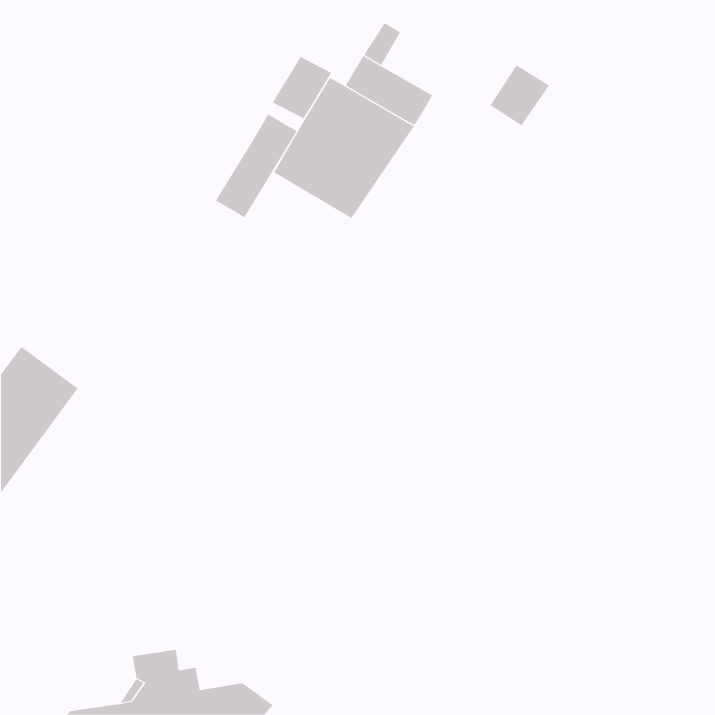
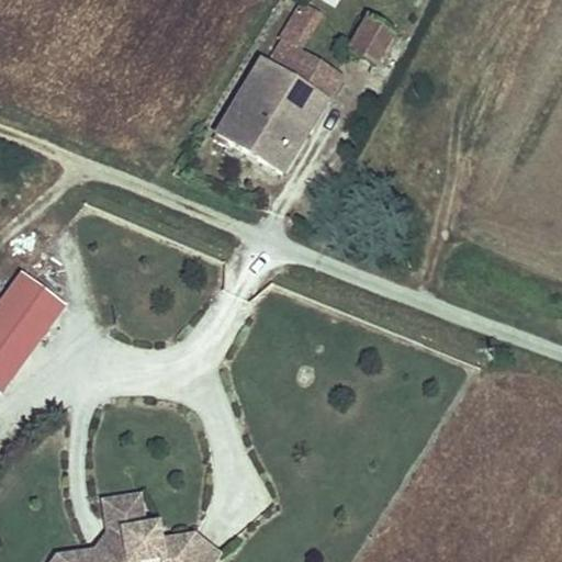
building: [489,64,550,126] -> [348,15,395,64]
building: [215,114,297,218] -> none

